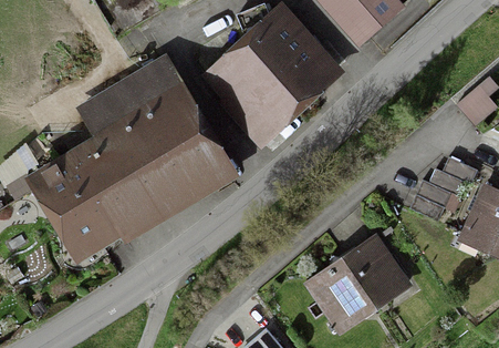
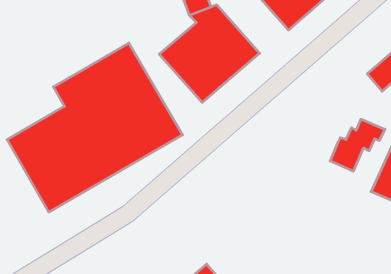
building: [310,237,406,325] -> none

